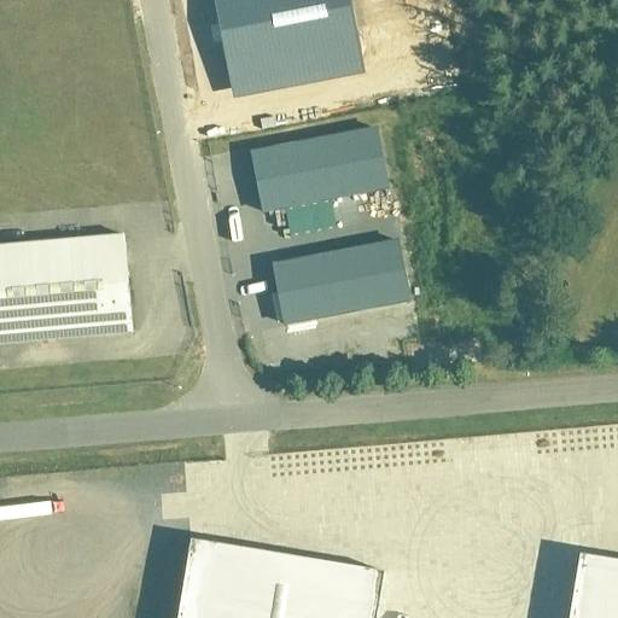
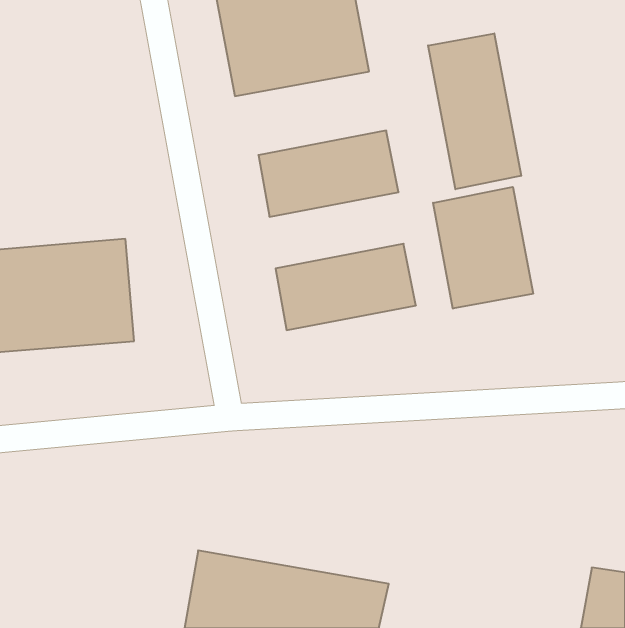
building: none -> [428,33,521,189]
building: none -> [433,187,533,309]

